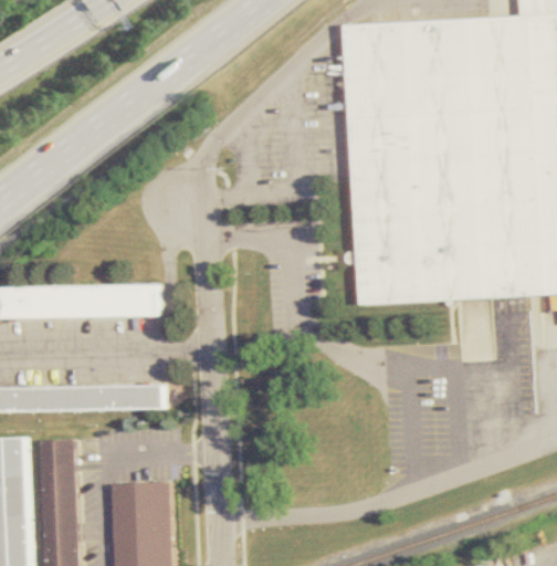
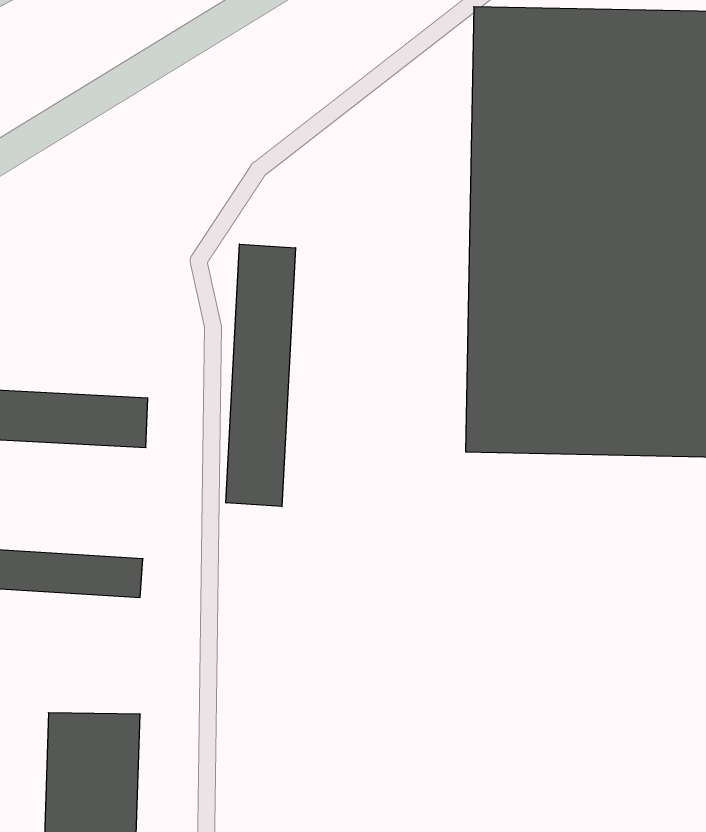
building: none -> [226,244,296,507]

